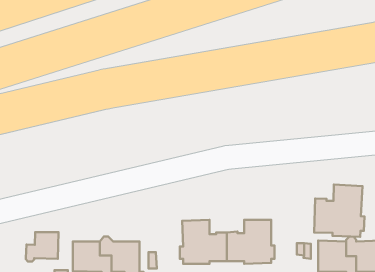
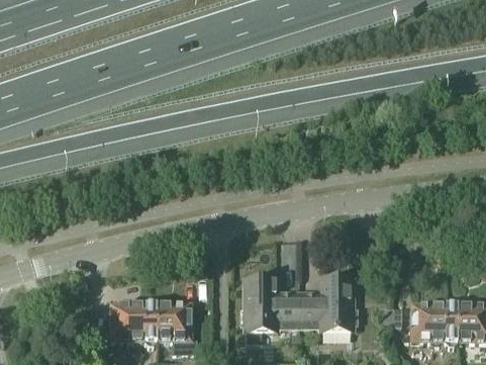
building: [314,184,364,237] -> none
building: [26,232,59,262] -> none

